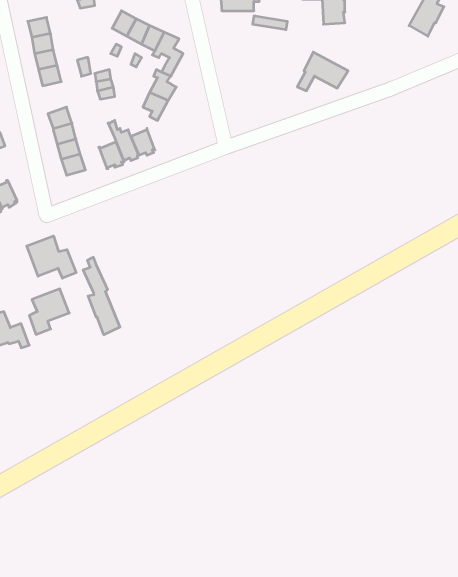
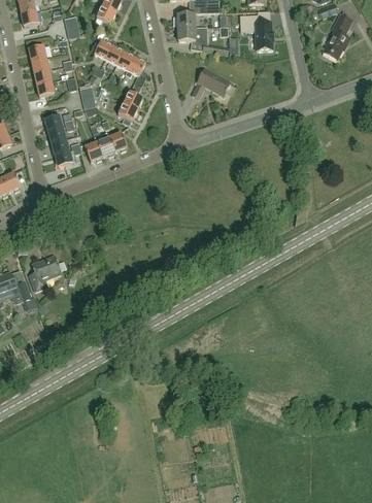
building: [297,52,348,91] -> [192,67,231,97]
building: [27,236,76,278] -> none
building: [83,257,120,335] -> none

